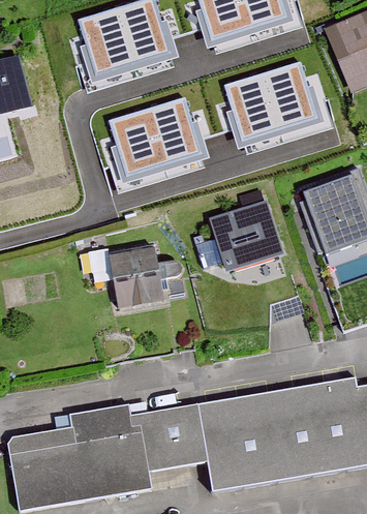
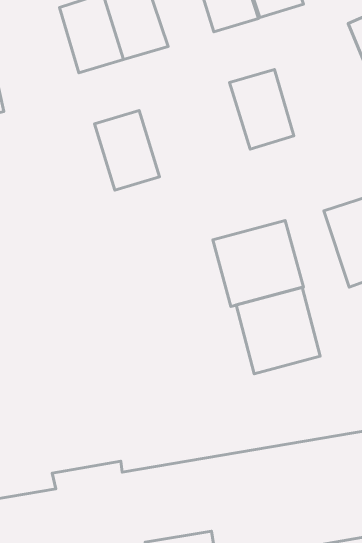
building: [262,59,316,127] -> none
building: [146,94,201,162] -> none
building: [103,240,167,312] -> none
building: none -> [236,287,320,374]

